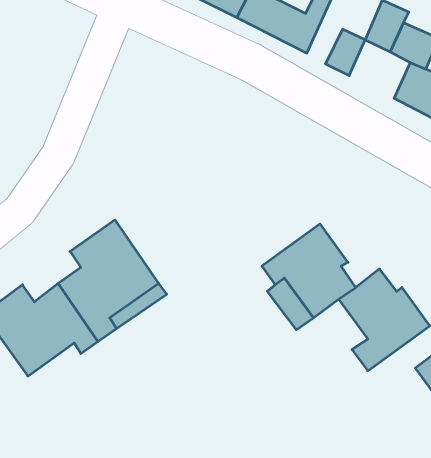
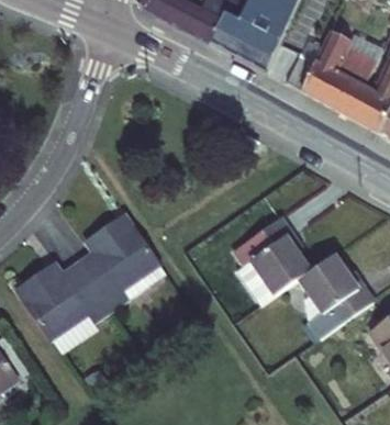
building: none -> [308,61,358,110]

